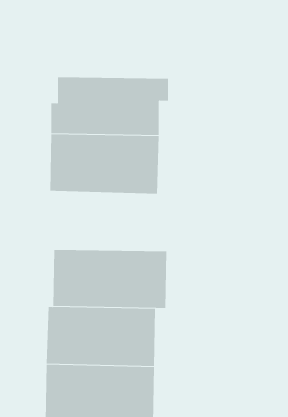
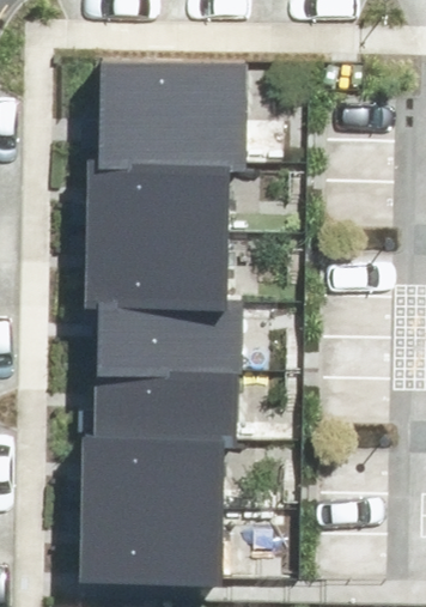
building: none -> [98,63,243,140]
building: none -> [93,284,239,360]

